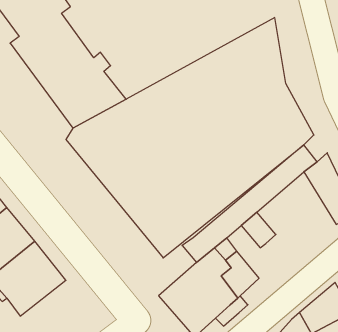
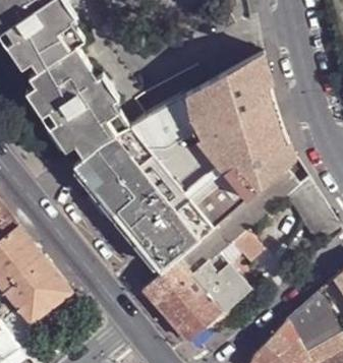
building: none -> [144,260,191,305]

